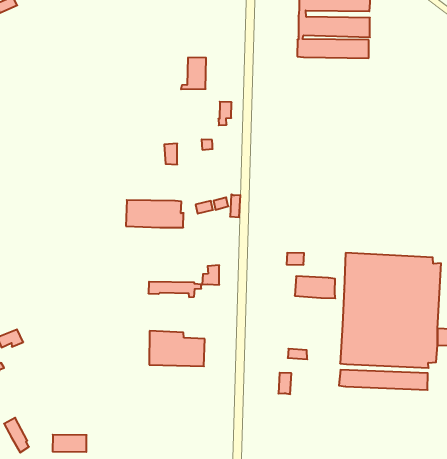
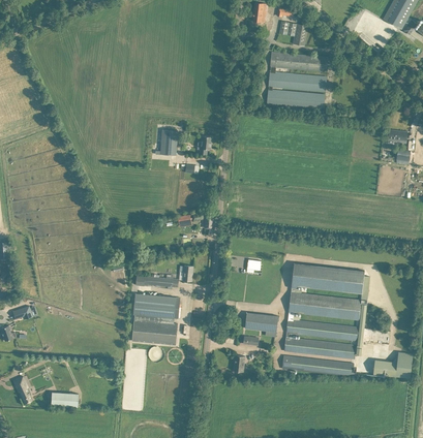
building: [181,58,206,89] -> [154,129,176,155]
building: [126,200,184,228] -> [132,293,179,318]
building: [295,276,335,298] -> [243,312,276,332]

